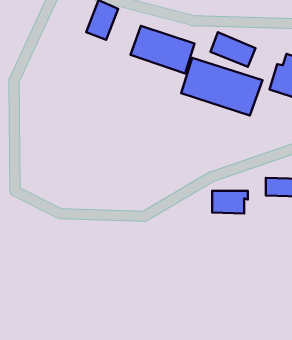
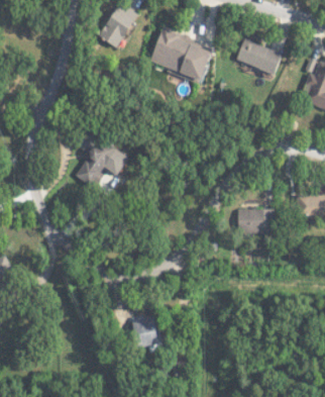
building: [181,58,262,116] -> none
building: none -> [76,137,131,187]
building: none -> [134,316,164,345]

